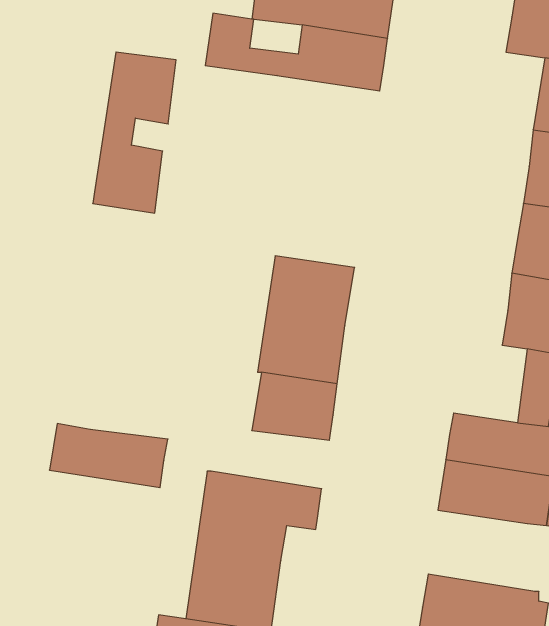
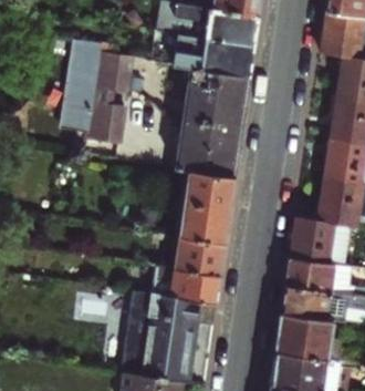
building: none -> [60,40,100,132]
building: none -> [174,65,248,175]
building: none -> [290,216,332,264]
building: [49,424,168,488] -> [152,265,219,301]
building: none -> [275,313,340,360]

